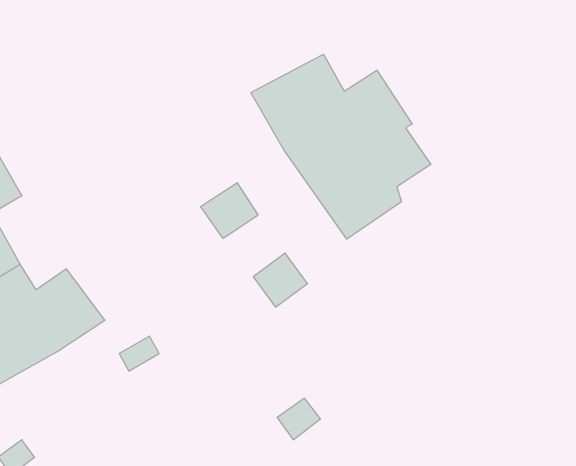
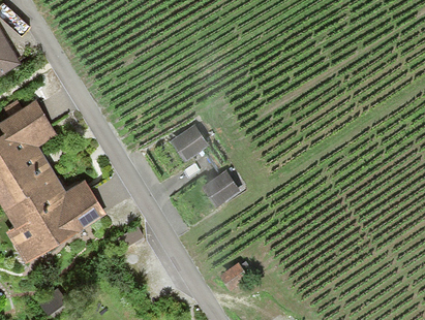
building: [251,54,431,239] -> none

